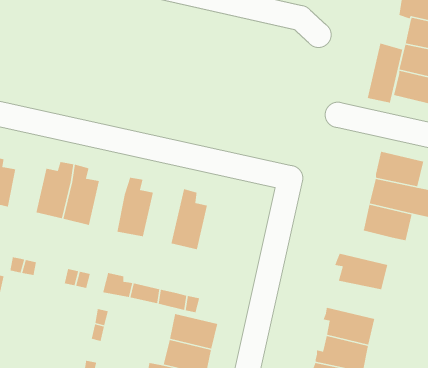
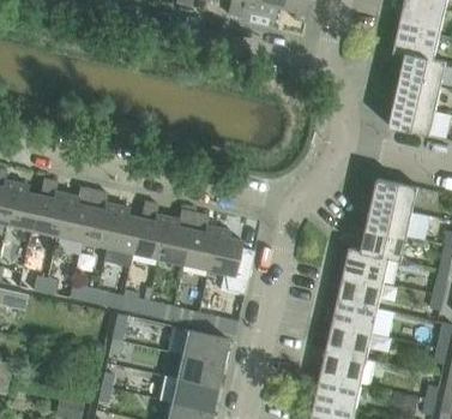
building: [367,43,403,104] -> none
building: none -> [31,179,66,235]
building: none -> [107,205,139,253]
building: none -> [157,210,194,264]
building: none -> [207,228,253,294]
building: none -> [339,247,390,283]
building: none -> [327,299,379,334]

